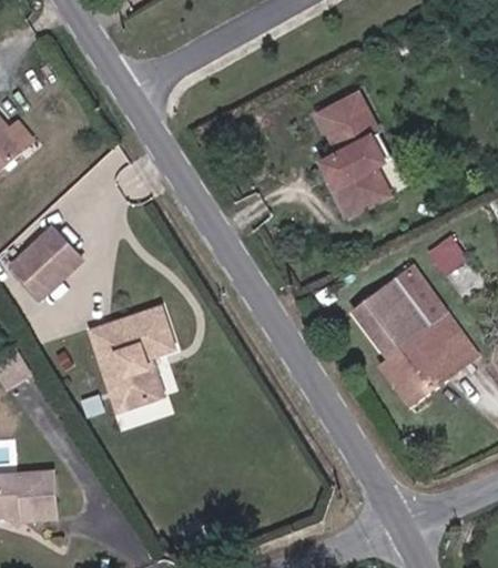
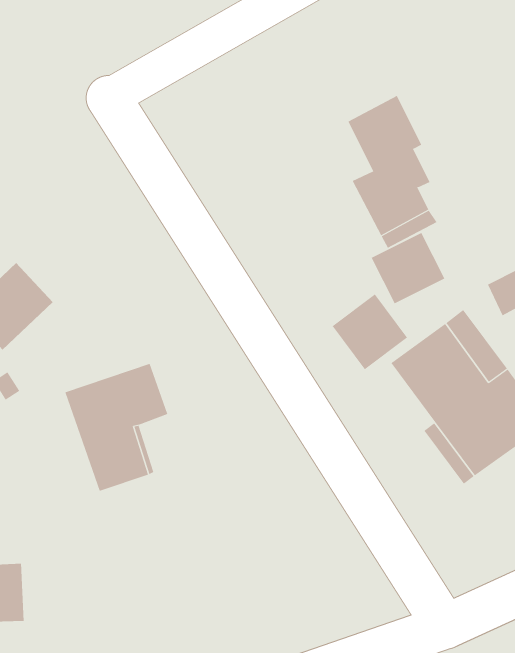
building: none -> [371,232,445,304]
building: none -> [332,293,408,370]

